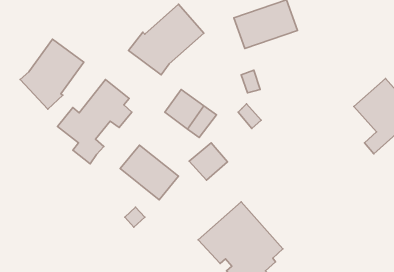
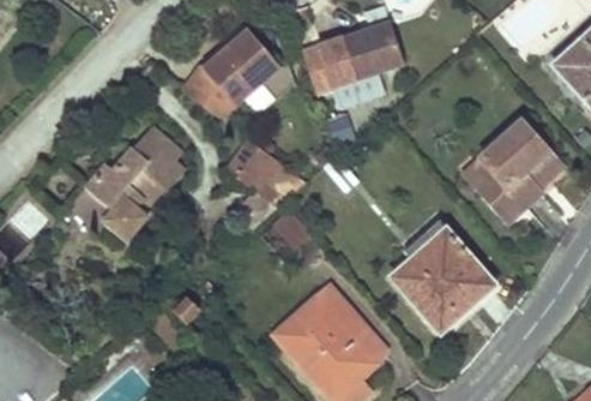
building: [20,39,84,109] -> none
building: [120,145,178,200] -> none
building: none -> [390,221,493,327]

